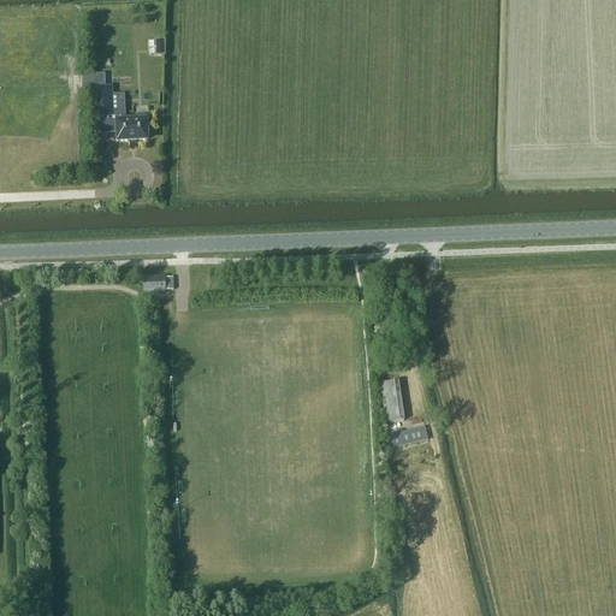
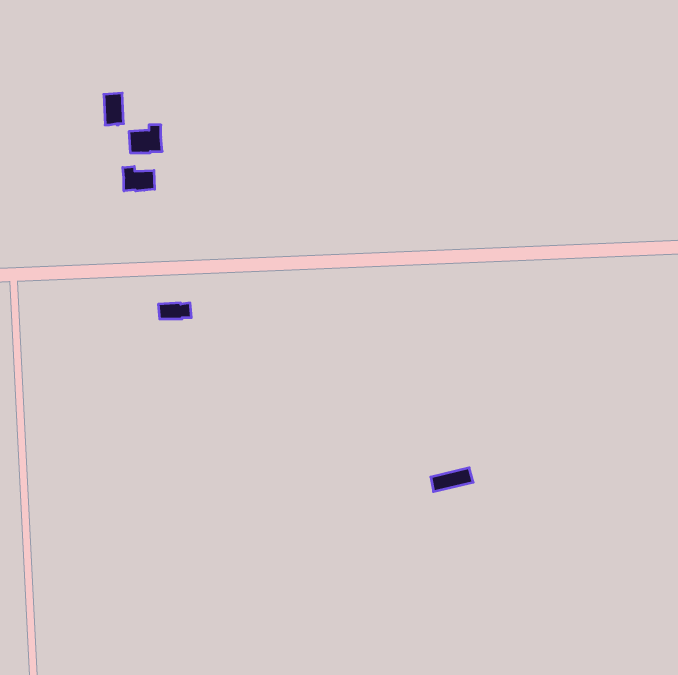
building: none -> [123,166,155,191]
building: [380,379,404,420] -> none

